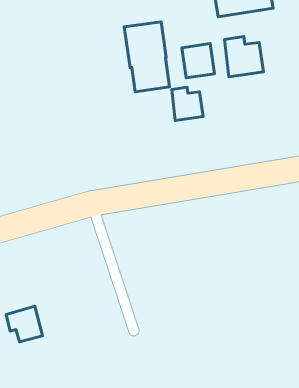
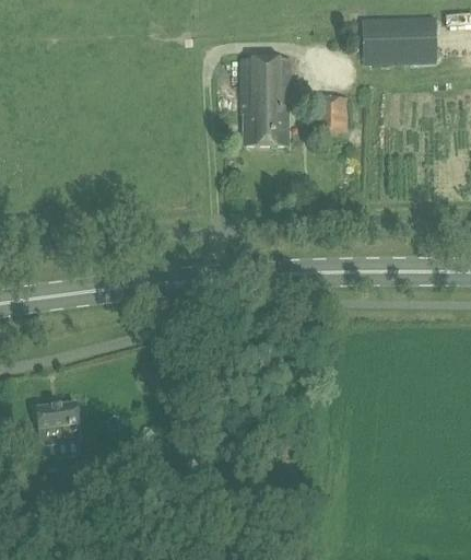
building: [224,37,264,77] -> none
building: [172,87,203,121] -> none

